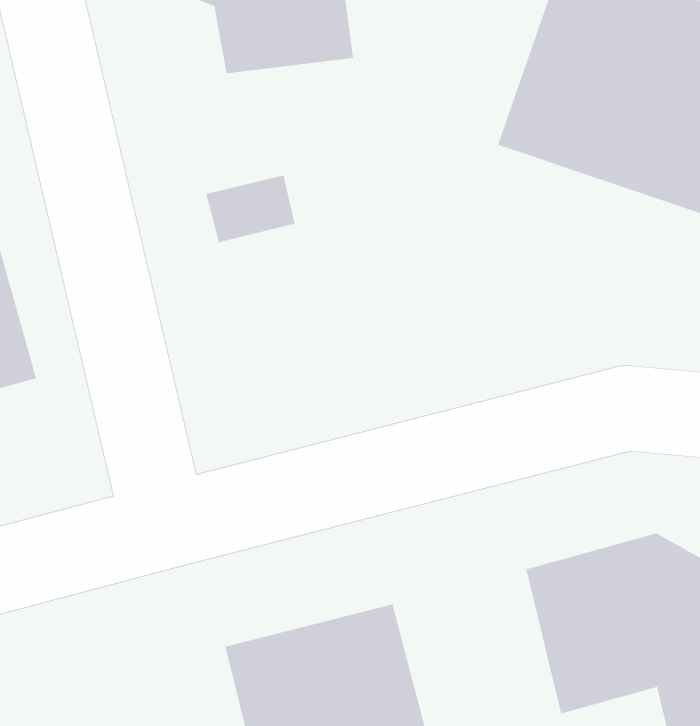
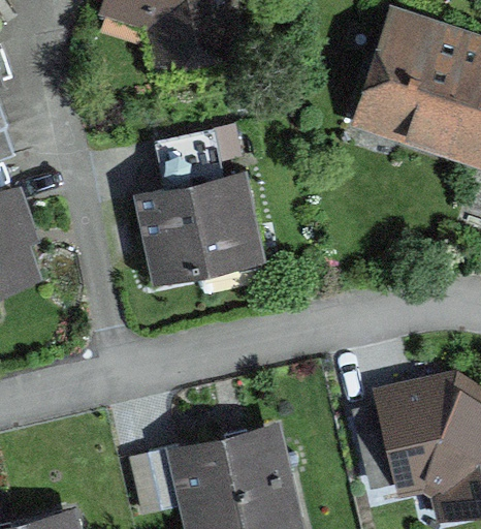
building: none -> [134,177,264,290]

